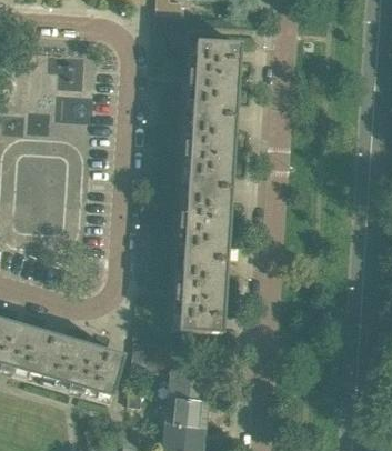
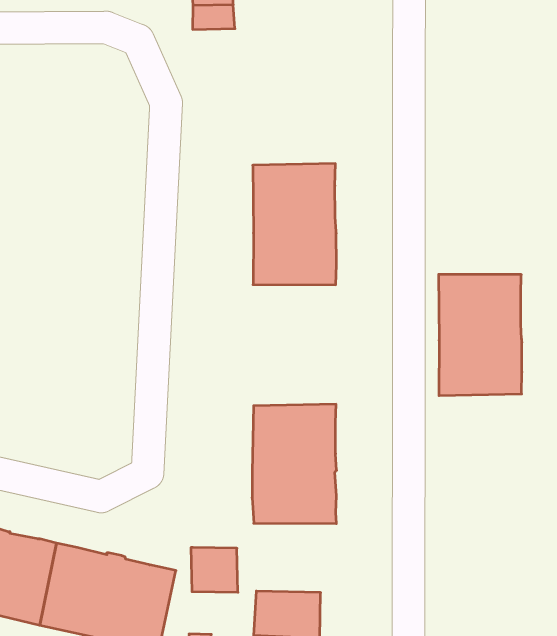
building: [185,39,240,113] -> none
building: [177,183,231,259] -> [439,274,522,396]

